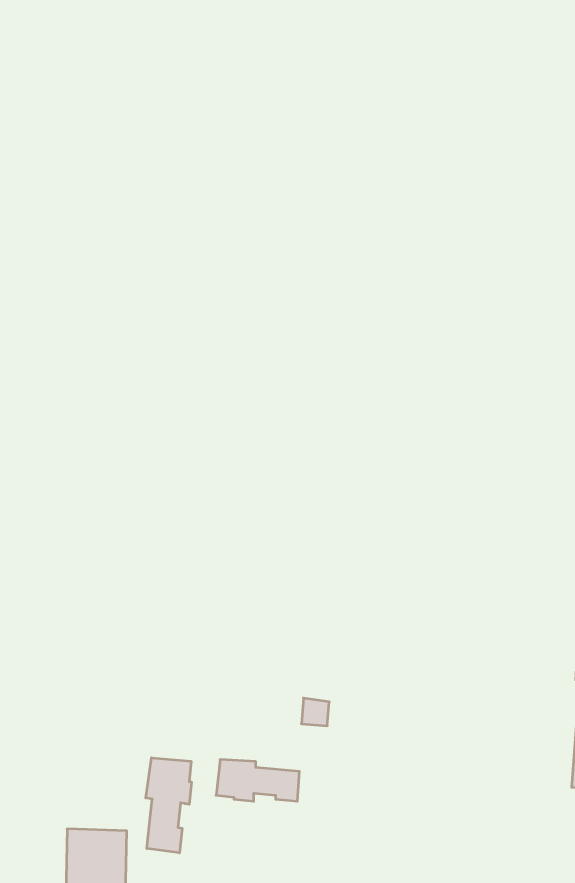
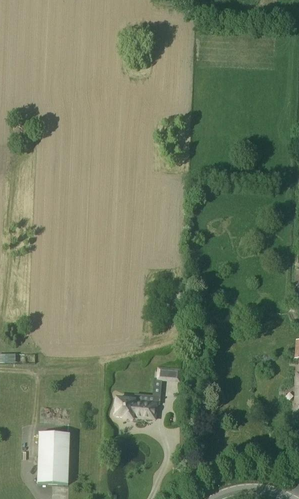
building: [146,758,191,853] -> none

